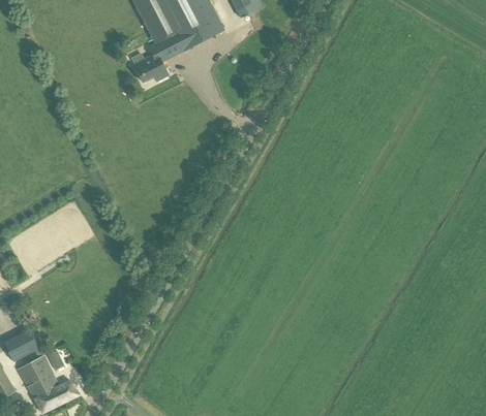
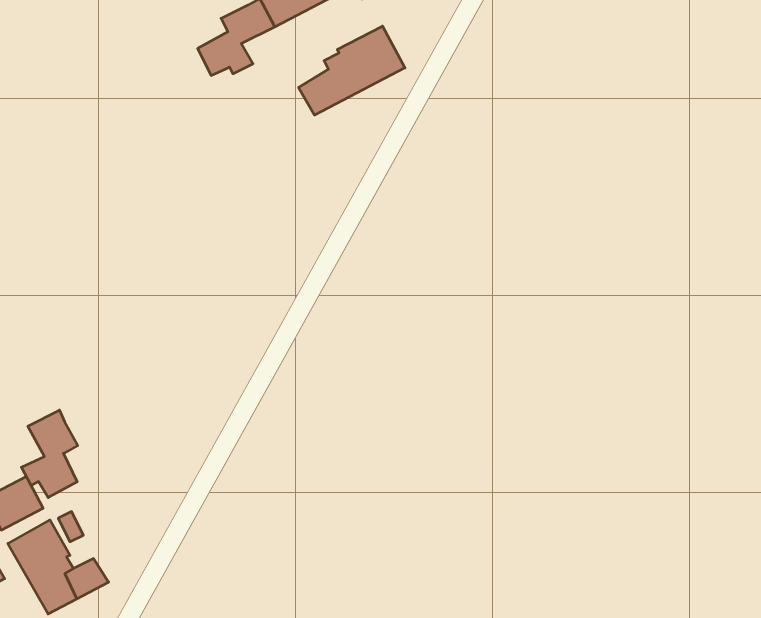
building: none -> [299,26,405,115]
building: none -> [21,410,78,498]

